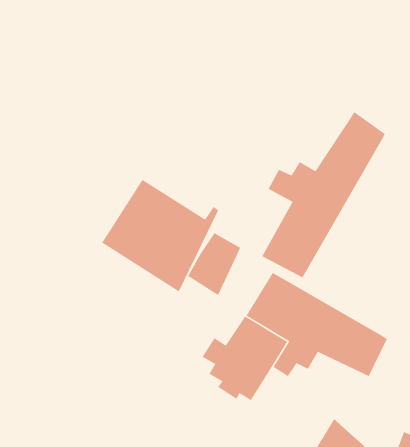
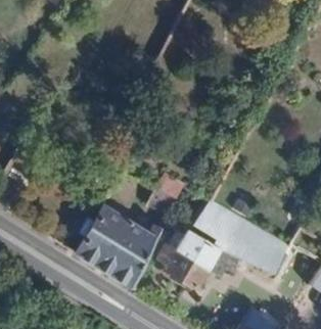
building: [261,111,386,278] -> none
building: [101,179,219,293] -> [75,205,159,287]

